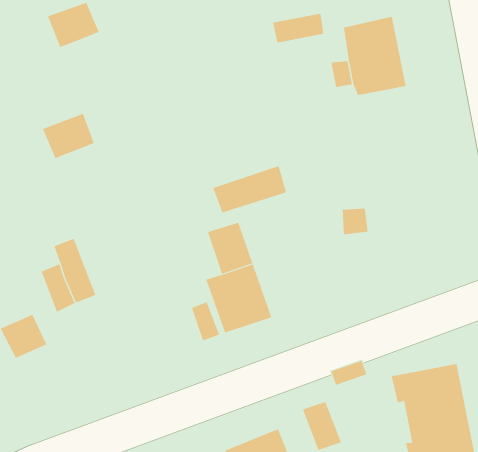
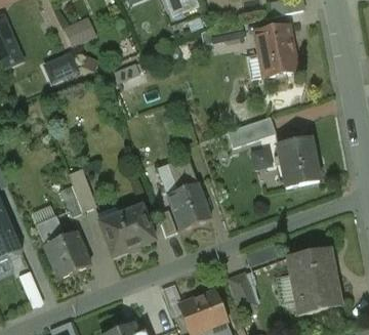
building: [42,113,95,159] -> [43,51,77,81]
building: [212,166,287,213] -> [227,116,275,146]
building: none -> [278,139,319,186]
building: none -> [98,205,153,254]
building: none -> [43,231,89,278]

